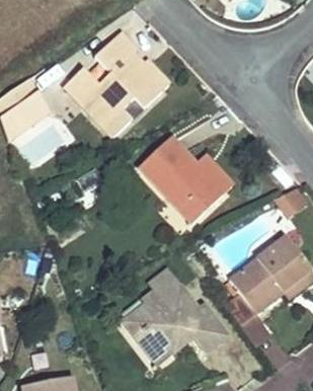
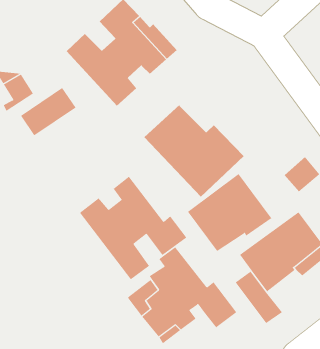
building: none -> [187,173,272,252]
building: none -> [79,176,187,280]

